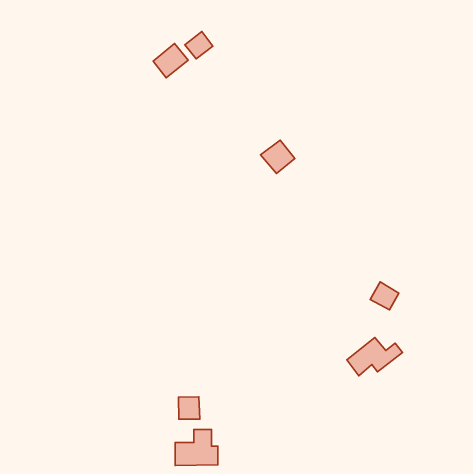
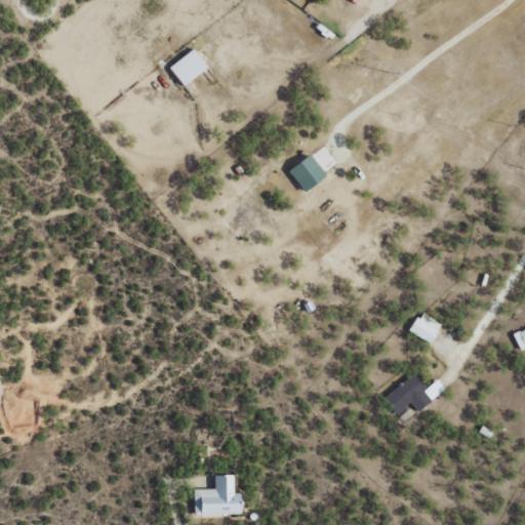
building: [185,31,213,59] -> none
building: [178,397,200,419] -> none

